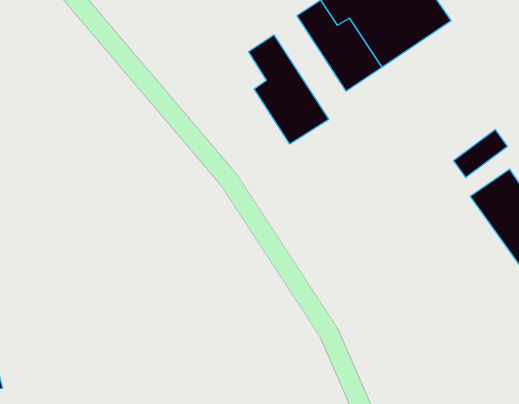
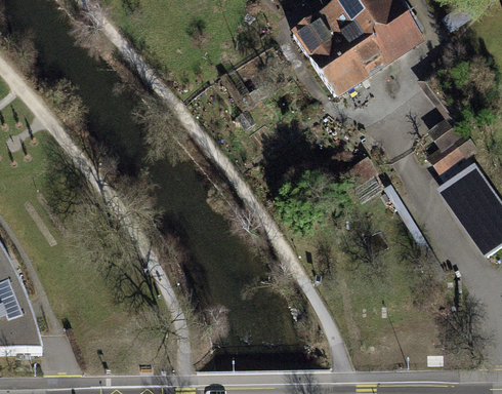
building: [248,35,329,144] -> none

